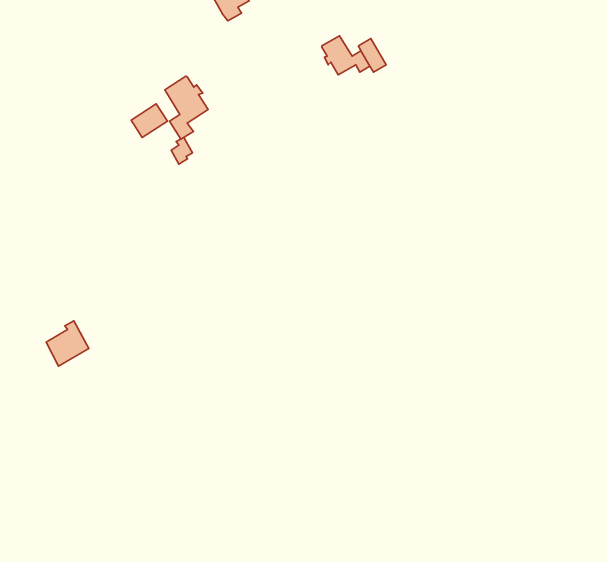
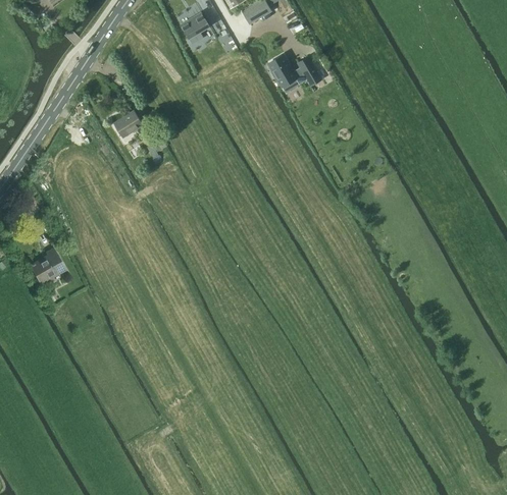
building: [165,76,208,139] -> none
building: [46,321,89,366] -> [31,246,65,283]

